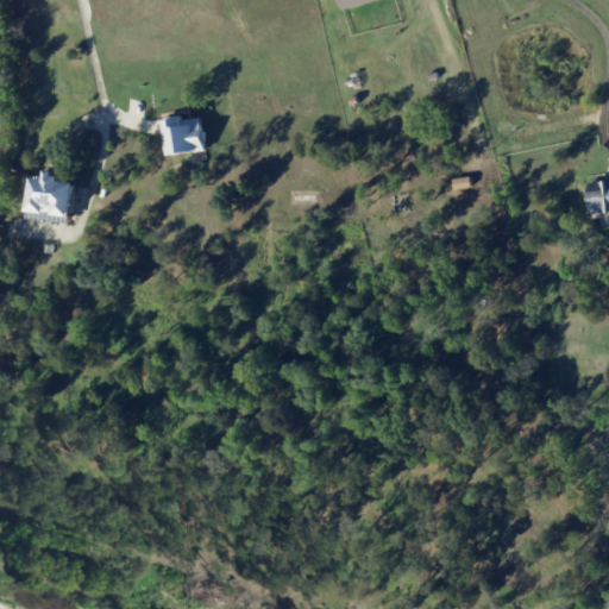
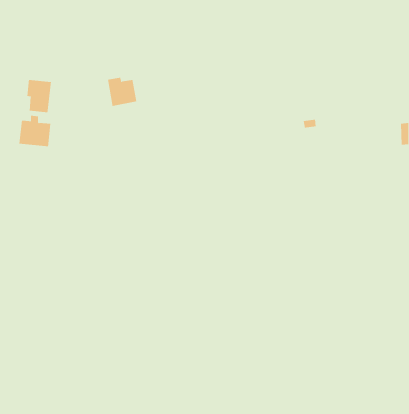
building: none -> [27,79,51,113]

